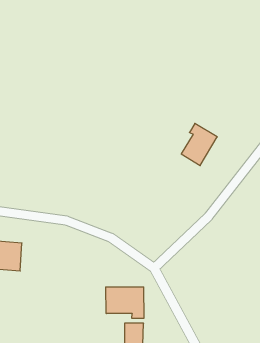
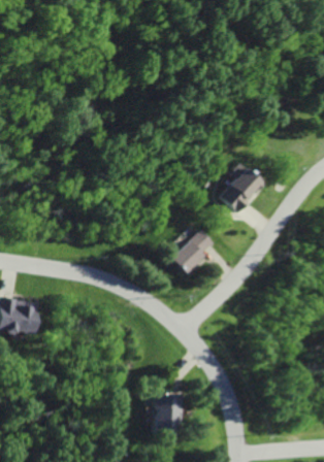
building: none -> [171,228,217,272]
building: [106,287,144,318] -> none

